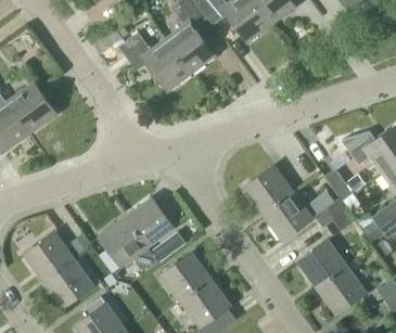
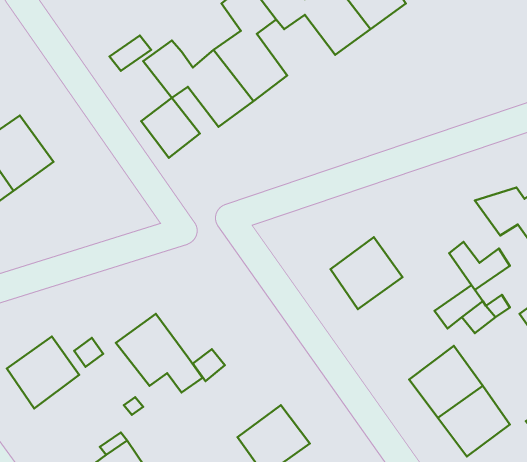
building: none -> [141,98,200,158]
building: [263,192,312,240] -> none
building: [126,197,174,246] -> none
building: [162,252,210,300] -> none
building: [43,258,93,307] -> none

